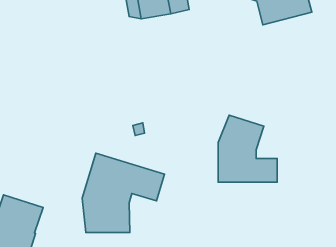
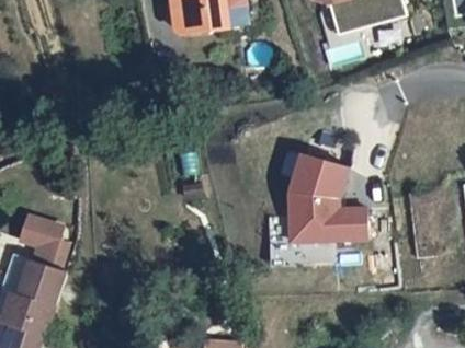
building: [82,153,165,233] -> none
building: none -> [20,213,73,263]

